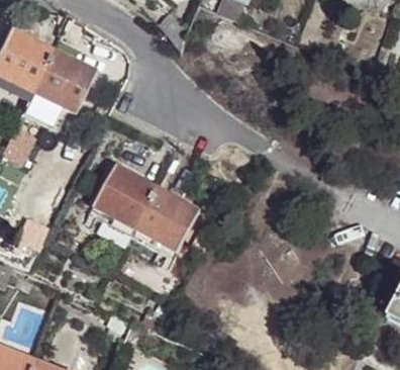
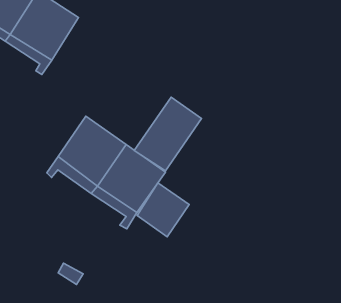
building: none -> [134,97,201,171]
building: none -> [137,183,189,237]

